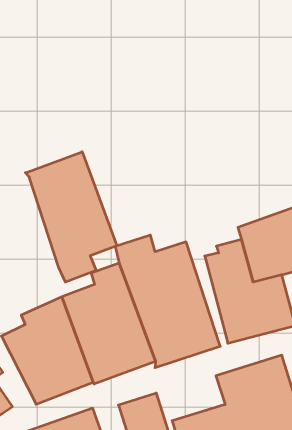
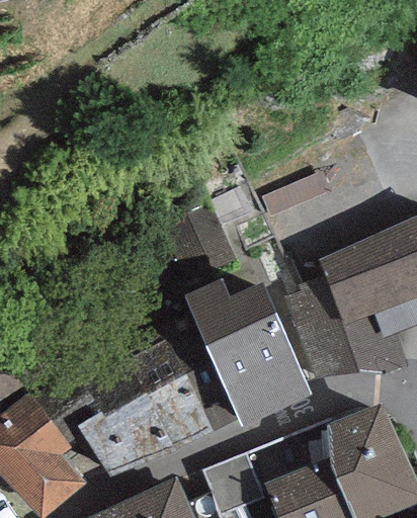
building: [25,152,117,282] -> none

